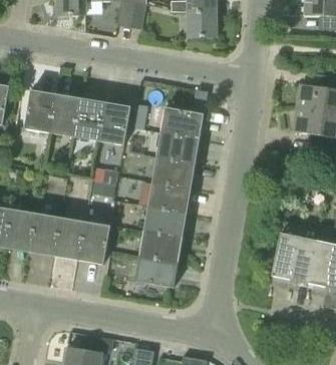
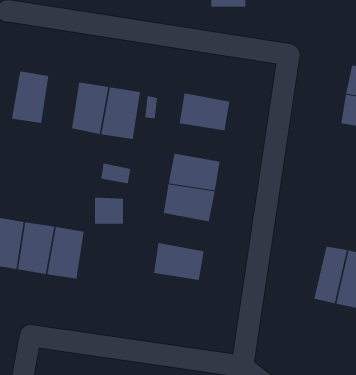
building: [48,93,78,136] -> none
building: [156,132,199,163] -> none
building: [143,206,186,237] -> none
building: [77,221,109,265] -> none
building: [134,255,178,288] -> none

